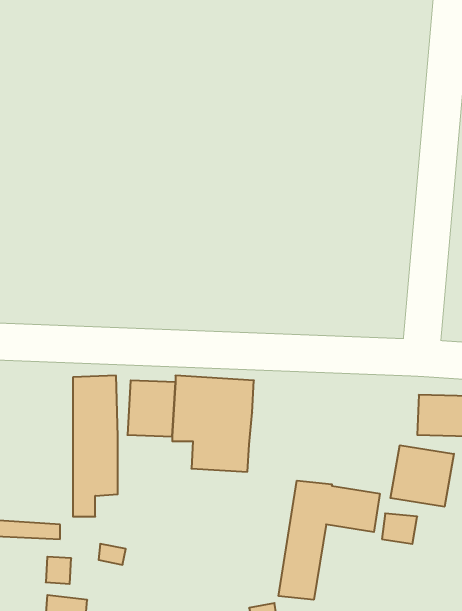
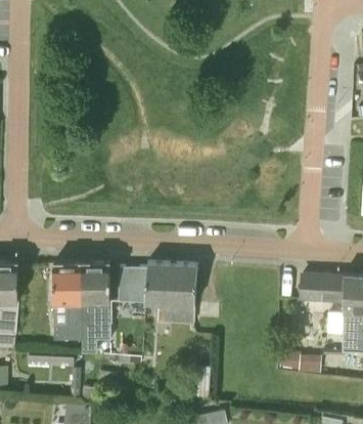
building: none -> [53,264,82,340]
building: [390,445,454,507] -> none
building: [279,481,380,600] -> none

